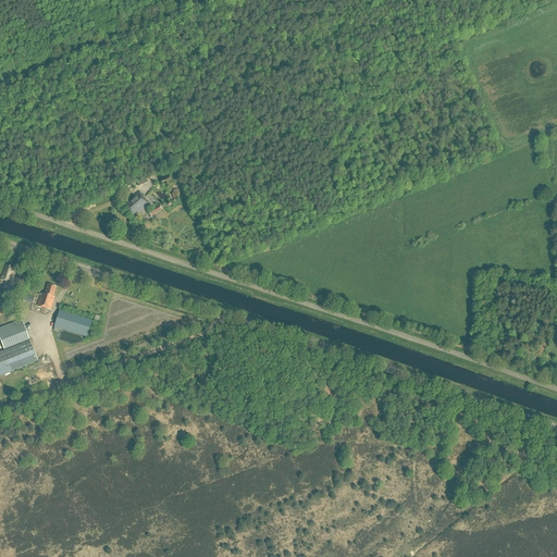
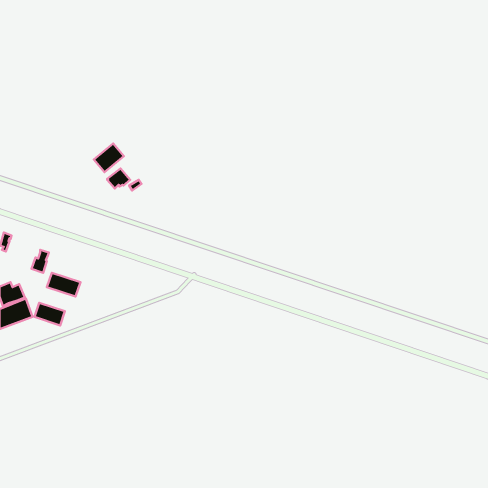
building: none -> [94,143,124,172]
building: none -> [34,303,65,325]

